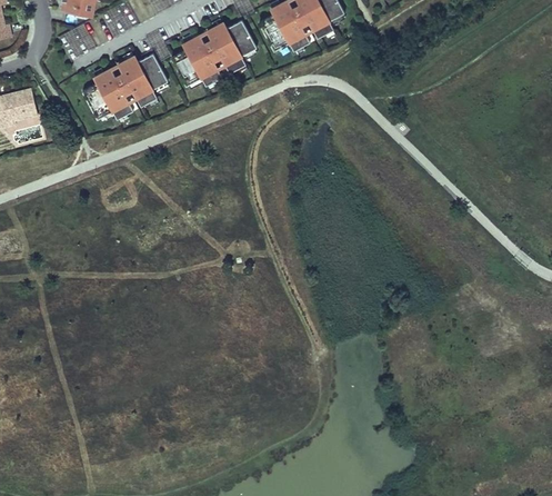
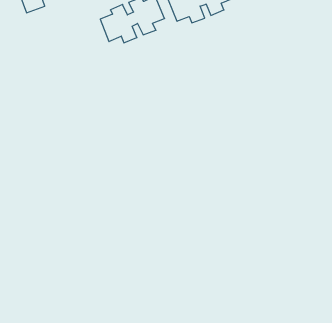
building: [82,52,168,119] -> none

